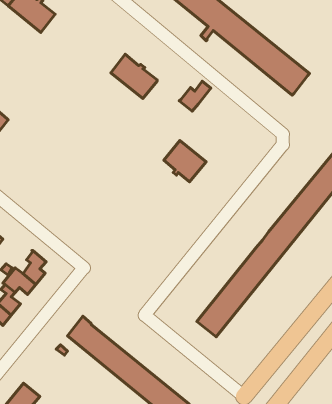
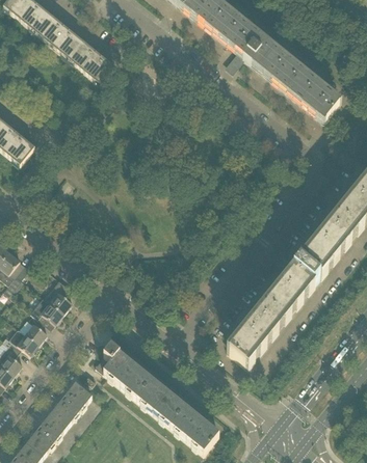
building: [111,54,157,98] -> [69,39,115,84]
building: [179,81,211,111] -> none
building: [164,140,206,182] -> none
building: none -> [51,381,93,426]

